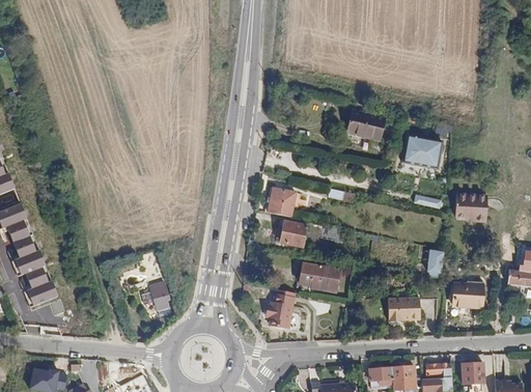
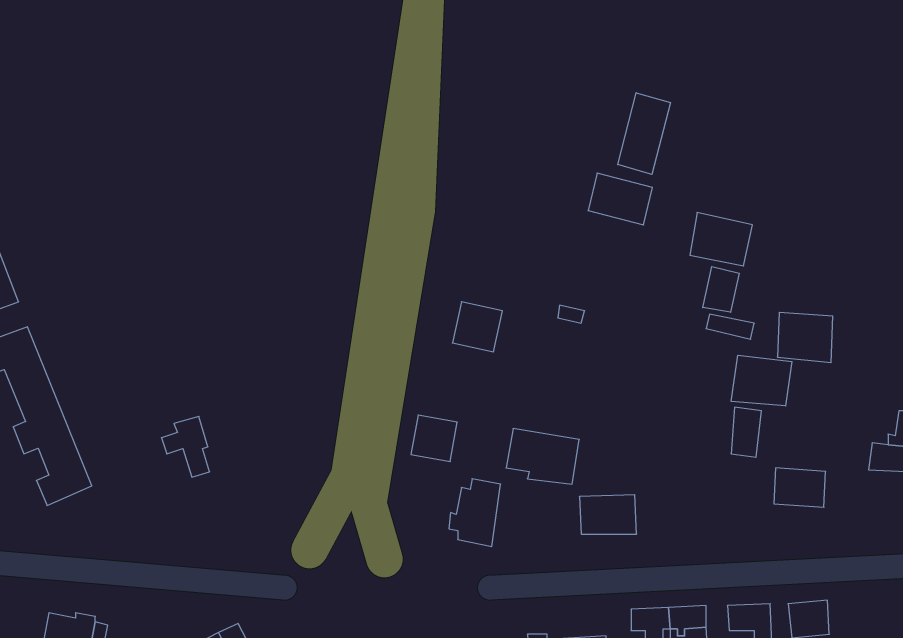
building: none -> [618,93,671,174]
building: none -> [703,267,739,312]
building: none -> [731,355,792,406]
building: [280,221,307,248] -> [411,415,457,462]
building: [143,282,171,317] -> [161,416,210,477]
building: [388,298,421,320] -> [579,495,637,534]

